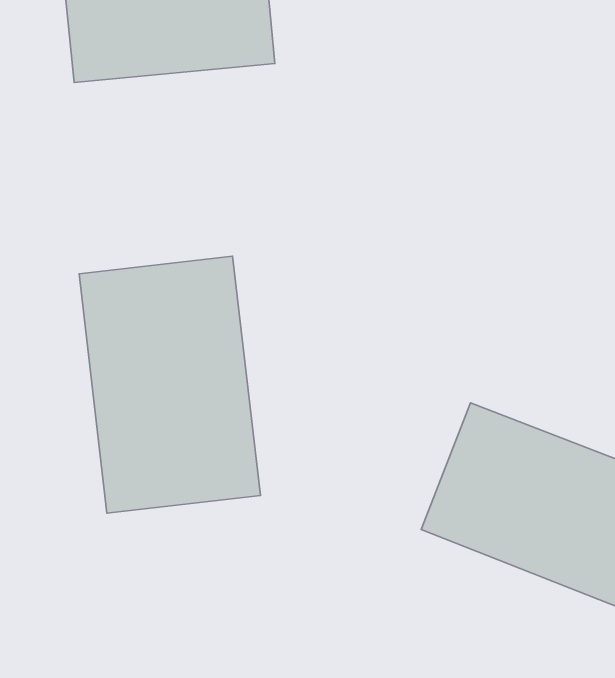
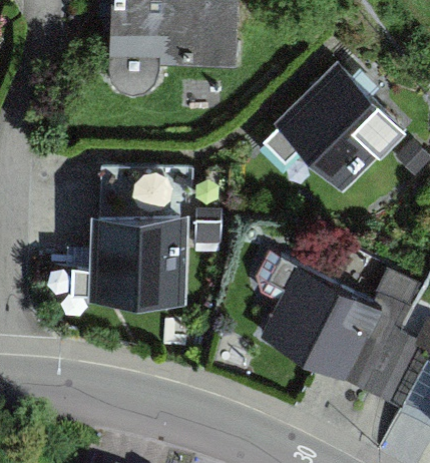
building: none -> [276,63,398,185]

